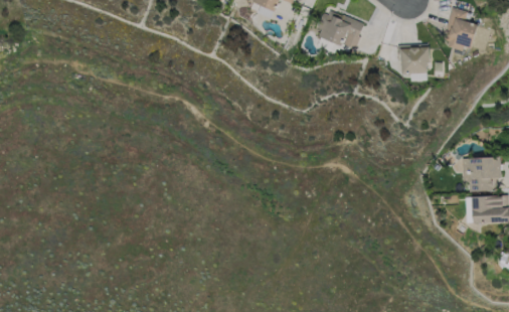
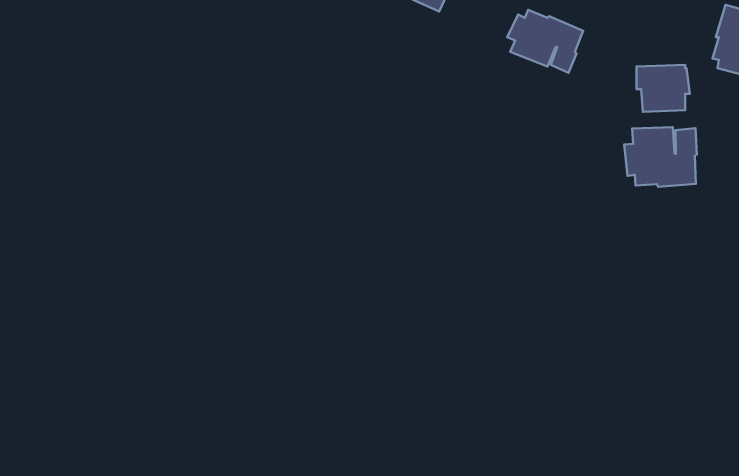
building: none -> [624,127,697,187]

